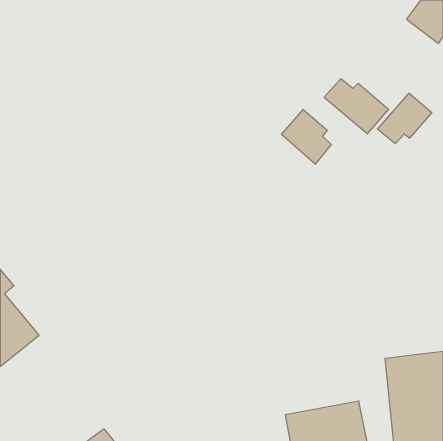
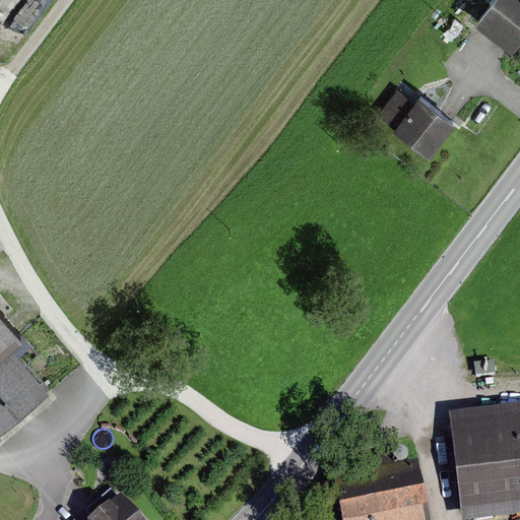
building: [377,93,432,144] -> none
building: [281,109,331,164] -> none

